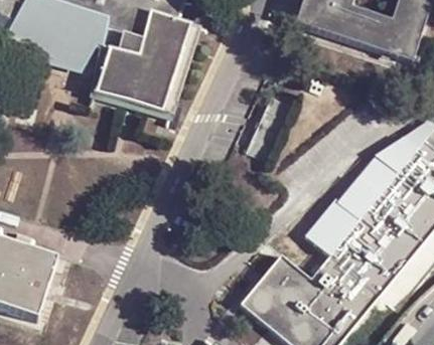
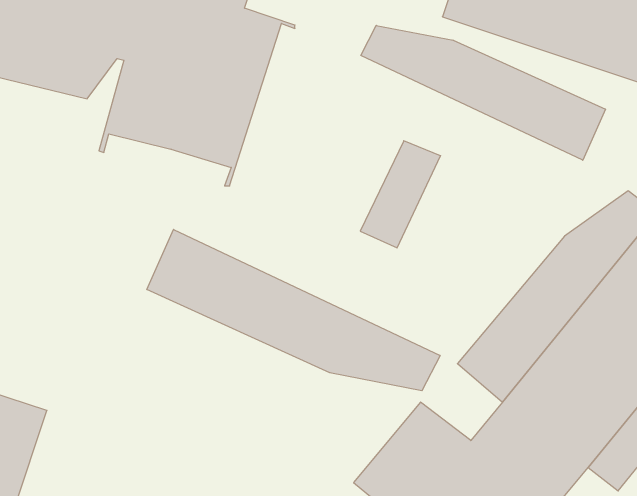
building: none -> [361,25,605,160]
building: none -> [147,229,440,391]

